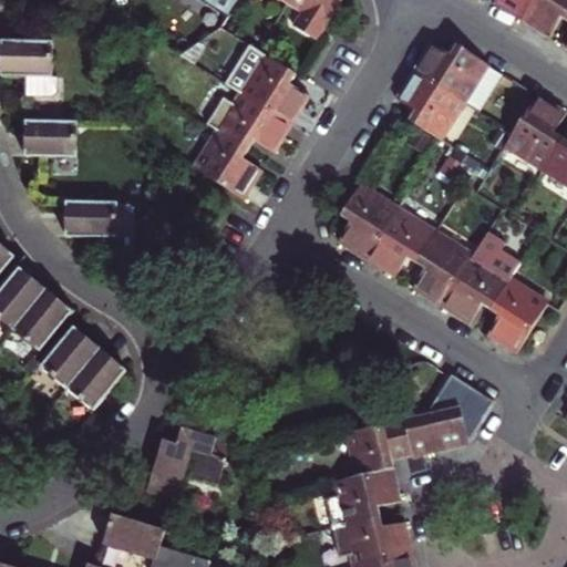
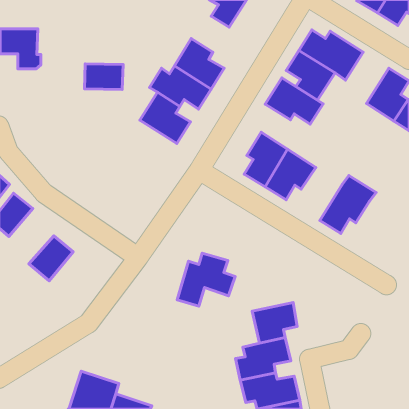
building: none -> [265,78,323,124]
building: [23,120,76,155] -> [85,64,123,90]
building: [64,199,117,236] -> none
building: [412,231,472,305] -> none
building: [489,278,548,352] -> none
building: [12,288,71,349] -> none
building: [68,348,126,409] -> none
building: [404,373,494,455] -> none
building: [146,425,226,498] -> [177,253,235,306]

